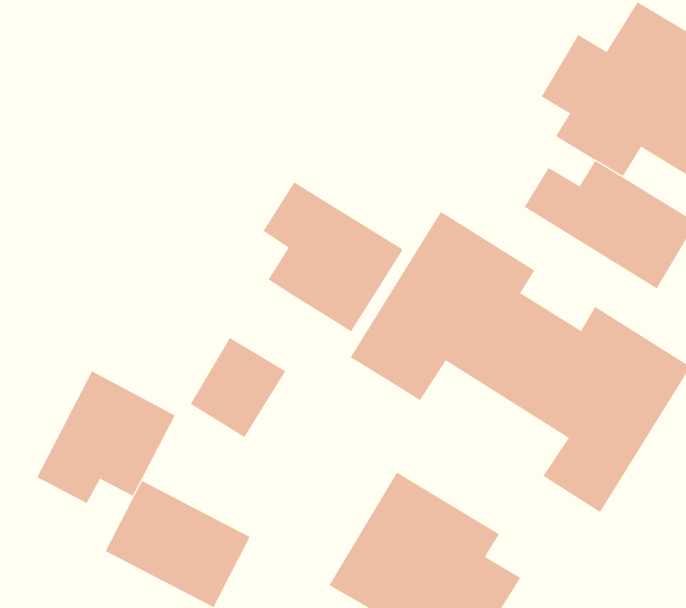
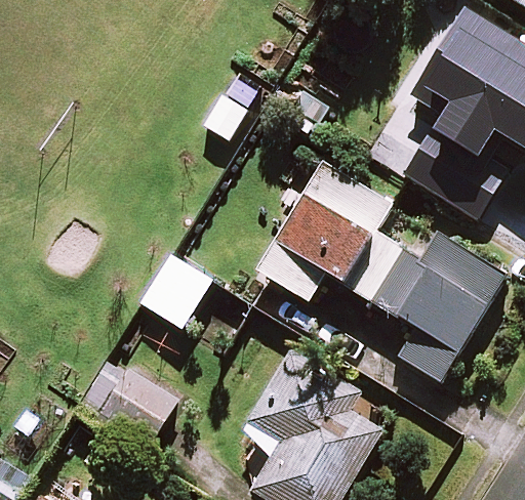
building: [263,182,404,332] -> none
building: [36,371,176,504] -> none

